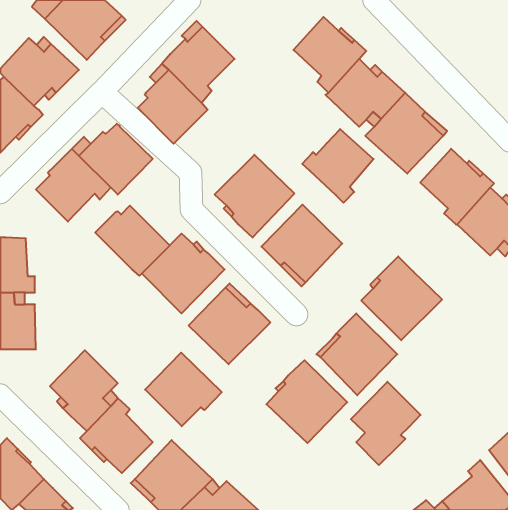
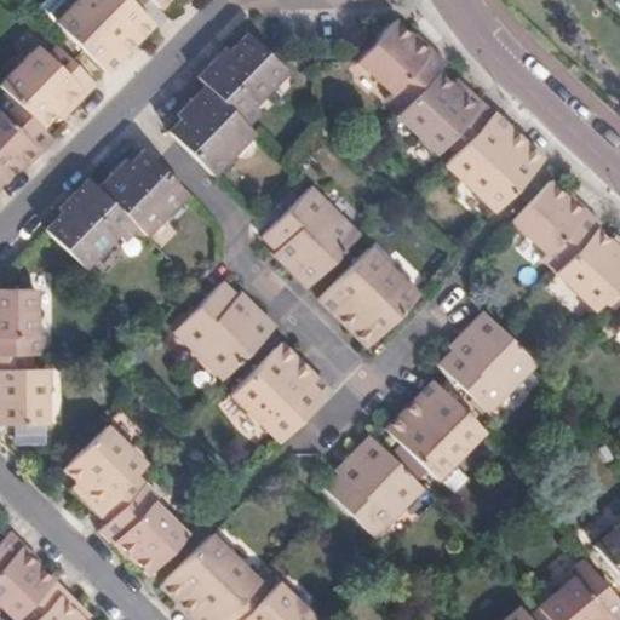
building: [302,129,374,203] -> none
building: [95,206,170,276] -> none
building: [145,353,222,426] -> none
building: [351,382,421,465] -> none

